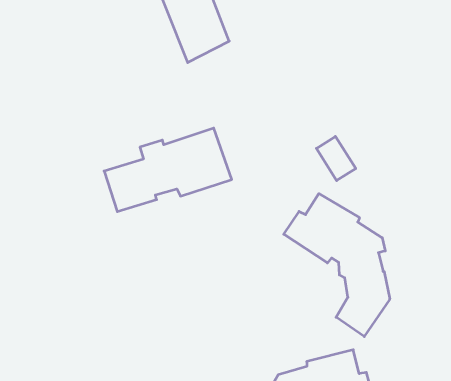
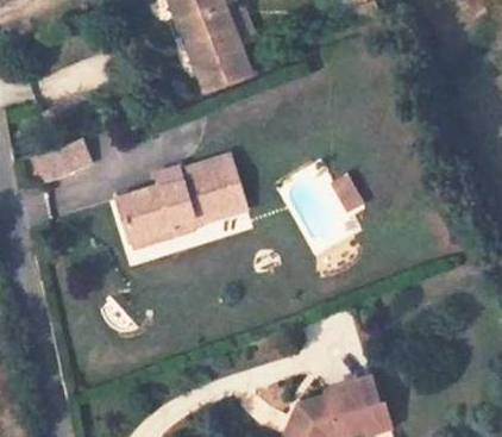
building: none -> [40,141,92,180]
building: [284,194,390,337] -> none

